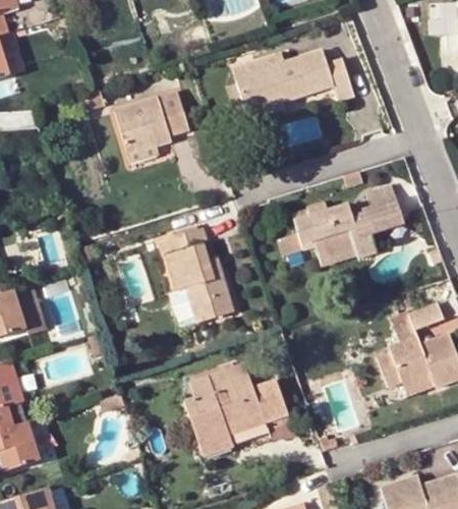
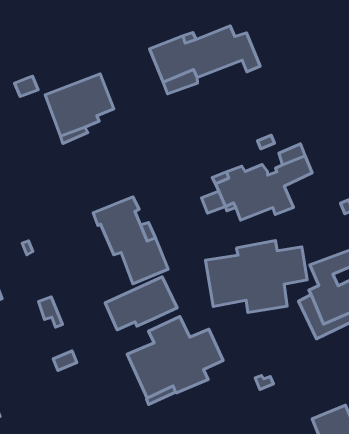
building: none -> [205,241,307,313]
building: none -> [105,277,177,330]

